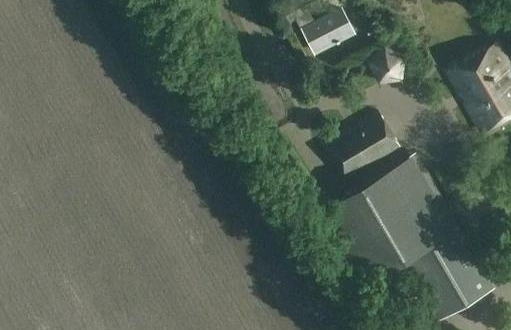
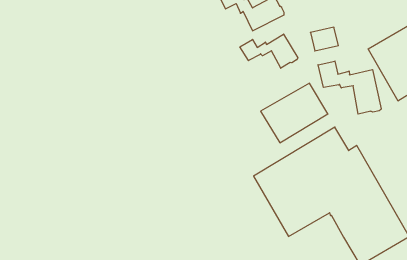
building: none -> [240,34,298,68]
building: none -> [318,61,381,114]

